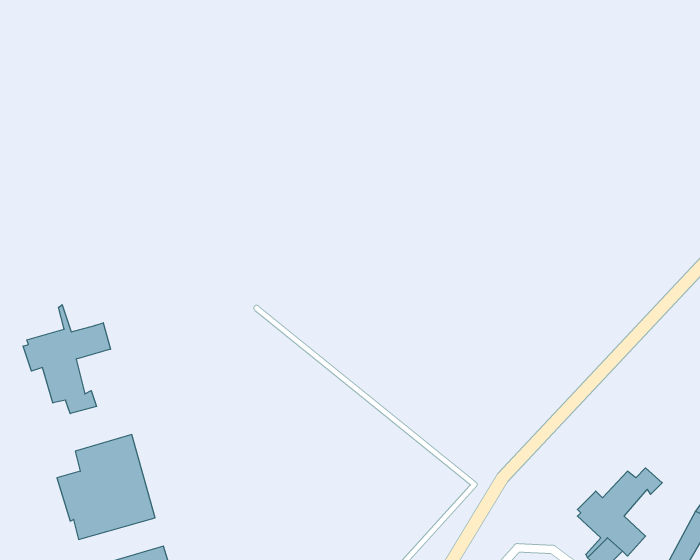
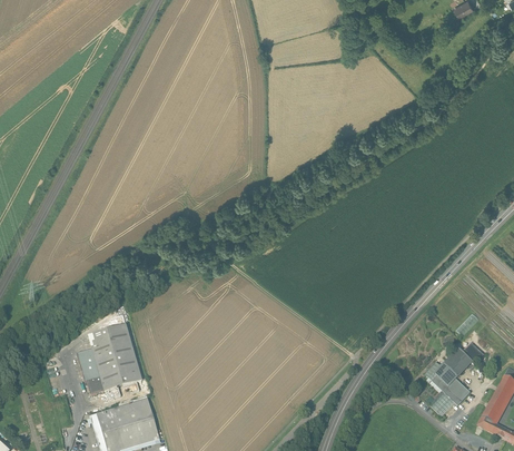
building: [23,305,111,414] -> none

